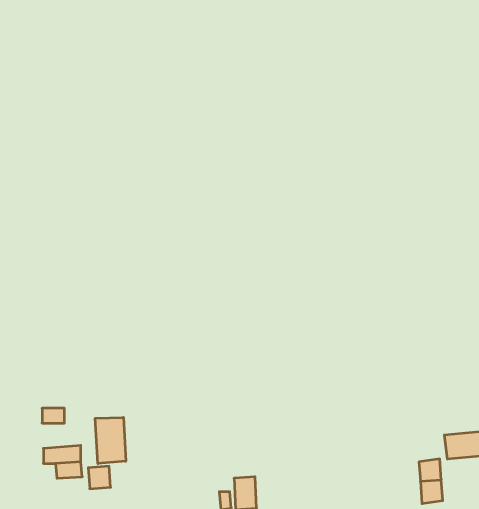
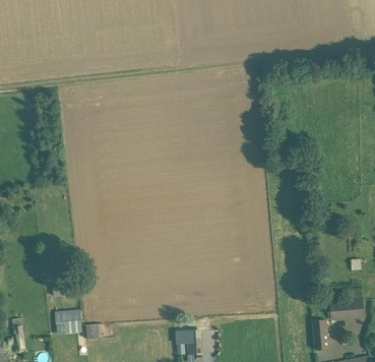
building: [95,417,126,464] -> none

